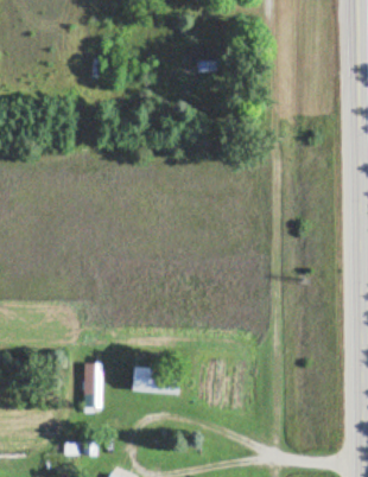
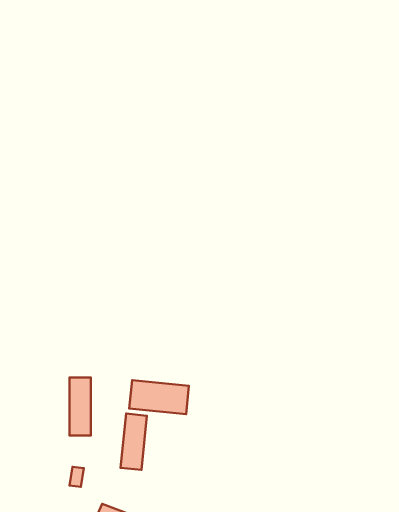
building: none -> [121,414,147,470]

